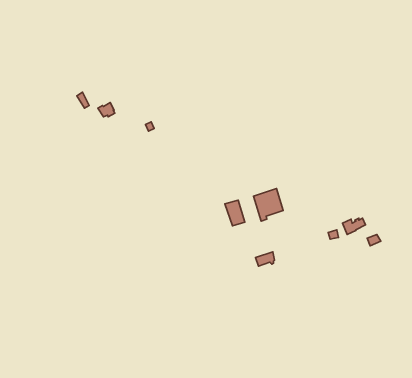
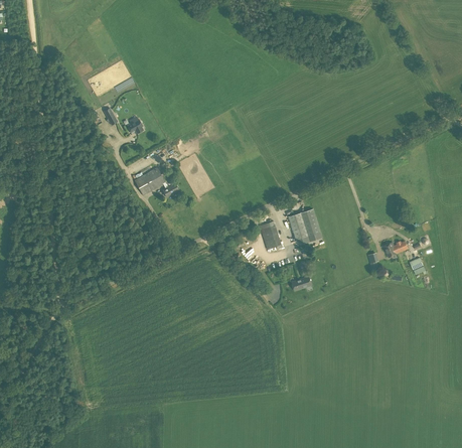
building: none -> [134,167,178,197]

